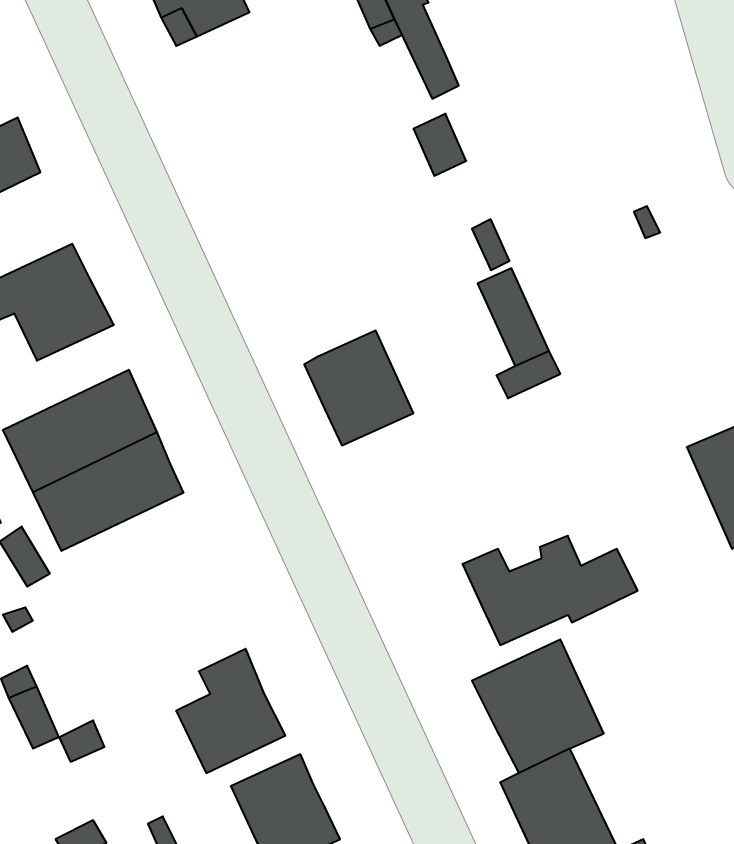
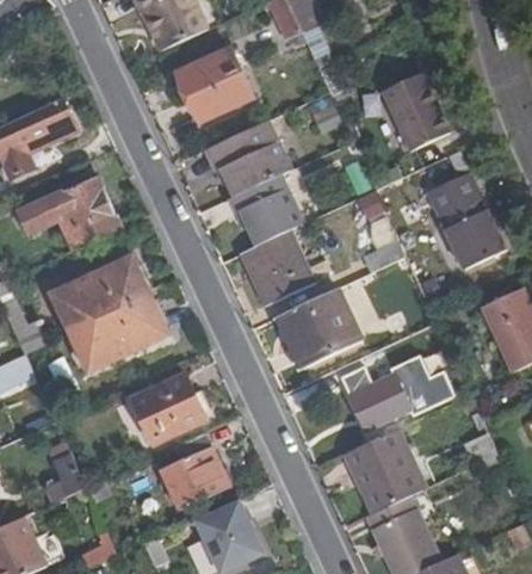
building: none -> [177,49,250,119]
building: none -> [382,73,450,152]
building: none -> [204,122,296,247]
building: none -> [428,172,505,269]
building: none -> [278,290,359,368]
building: none -> [131,374,205,442]

